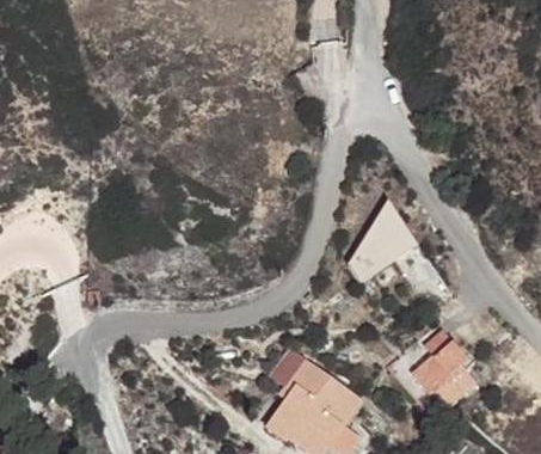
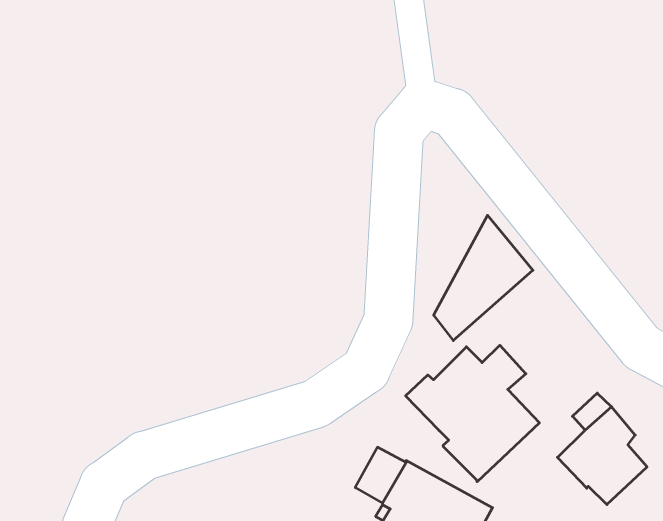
building: none -> [406,345,539,482]

